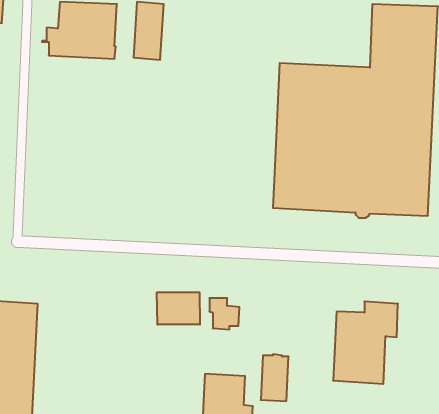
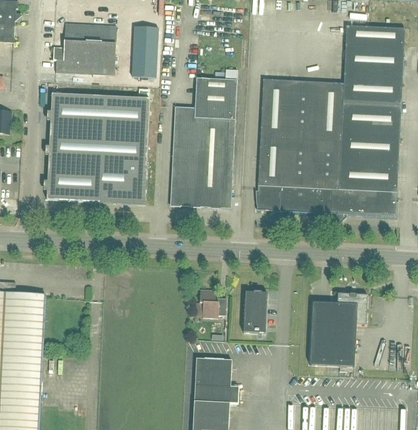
building: none -> [170,67,237,207]
building: none -> [44,92,151,204]
building: [157,292,200,325] -> none
building: [261,354,289,401] -> [242,290,267,332]

